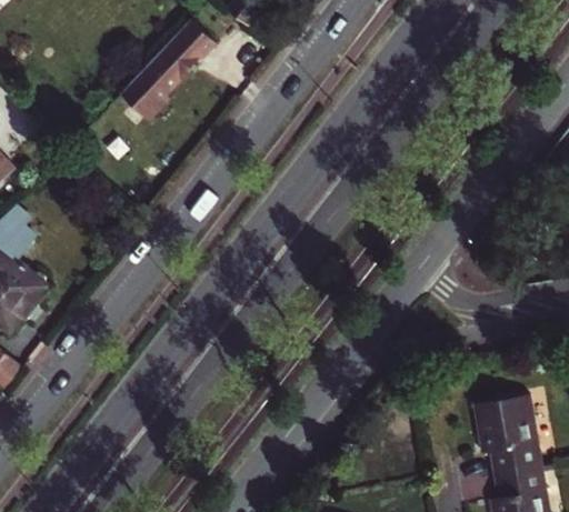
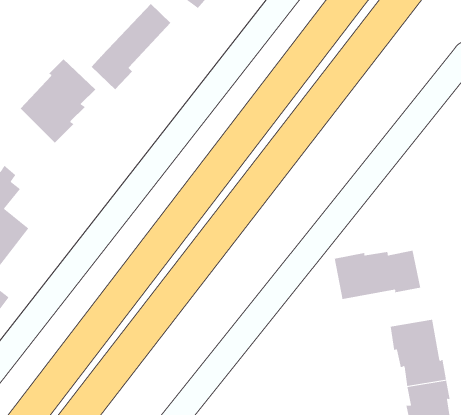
building: none -> [20,59,96,143]
building: none -> [334,250,421,300]

